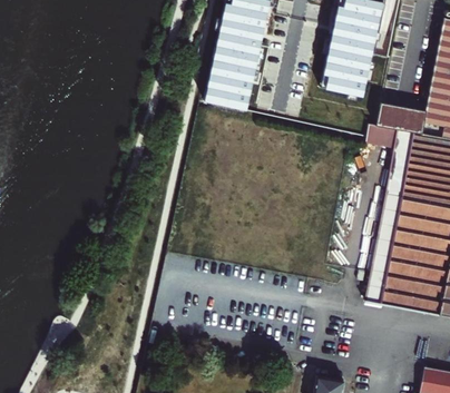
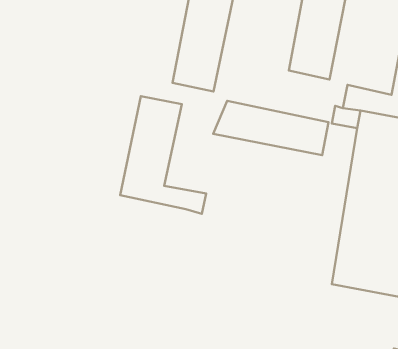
building: none -> [120,96,206,214]
building: none -> [213,101,328,155]

